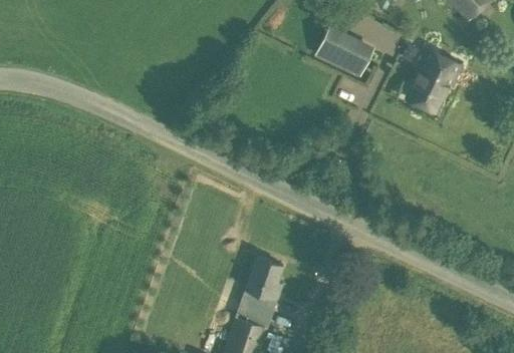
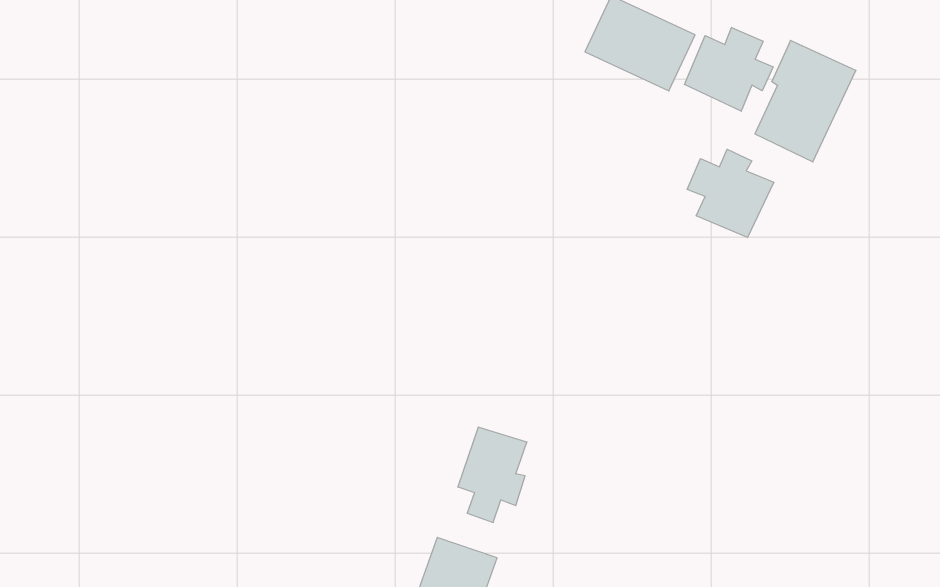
building: none -> [684,27,773,111]
building: none -> [687,149,774,238]

